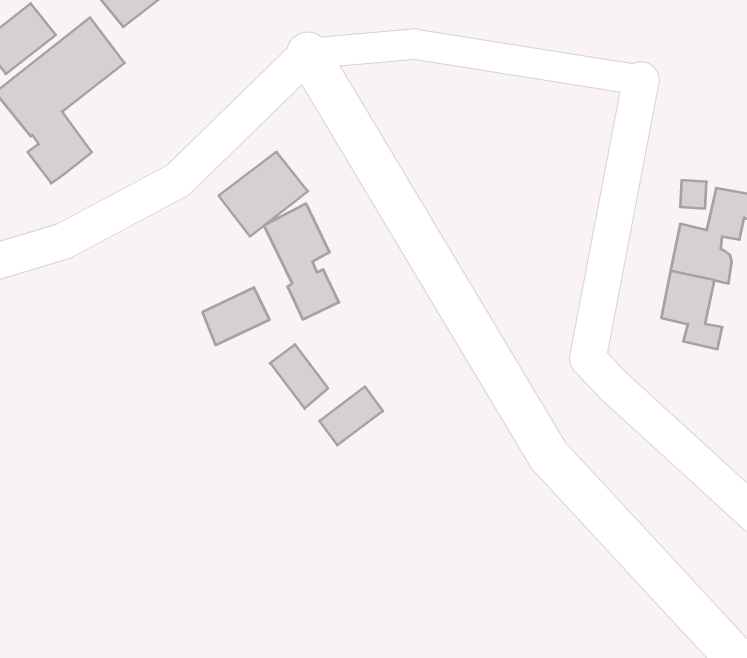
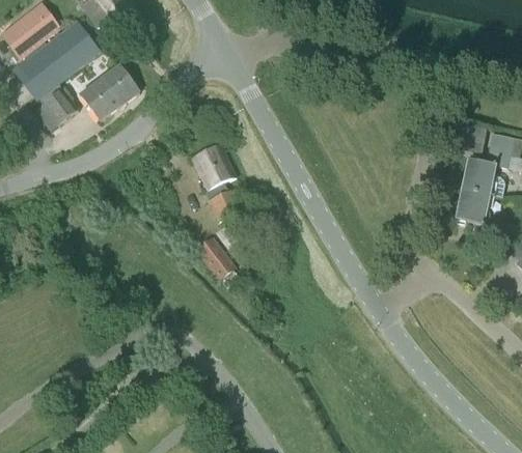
building: [219,152,308,236] -> [80,63,139,119]
building: [203,287,269,345] -> none
building: [319,387,383,445] -> none

